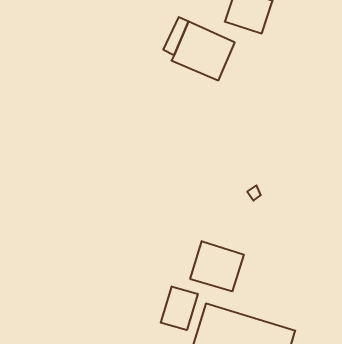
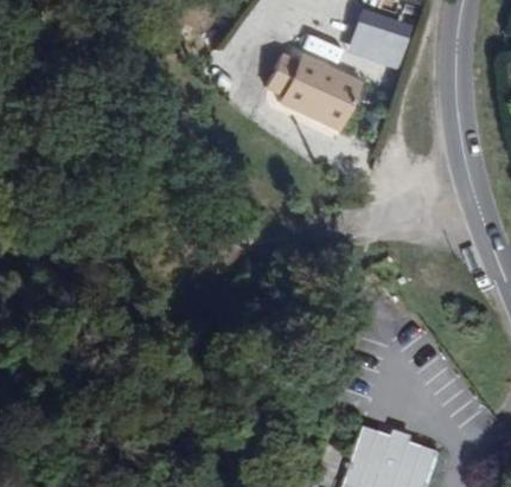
building: [190,241,244,291] -> none
building: [161,286,198,330] -> none

